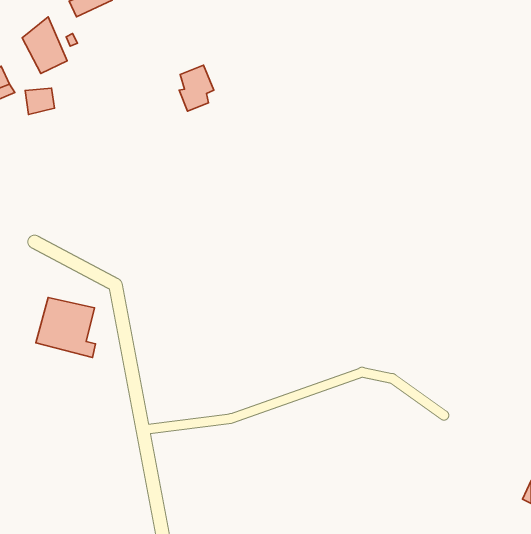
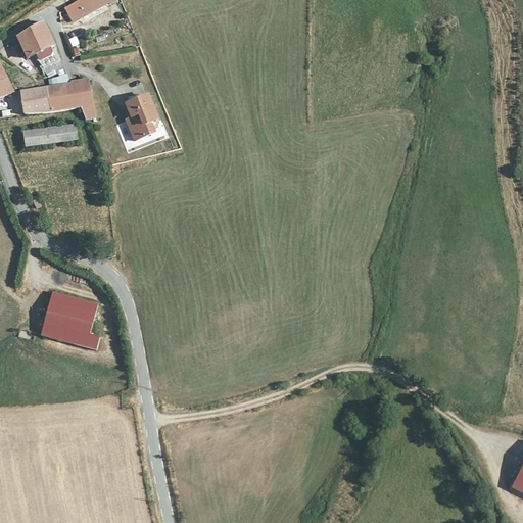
building: [179,65,214,111] -> [127,91,160,136]
building: none -> [50,77,91,114]
building: none -> [20,127,70,146]

